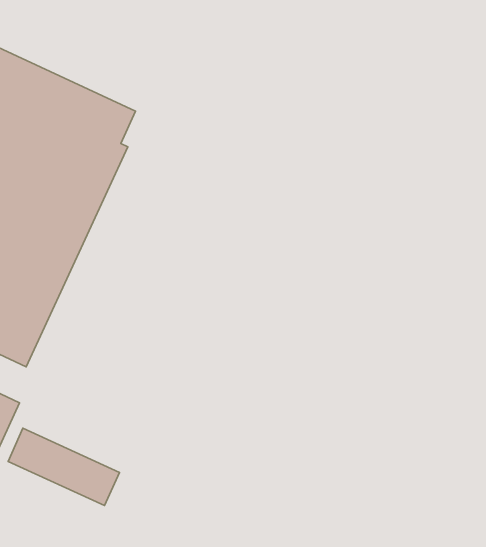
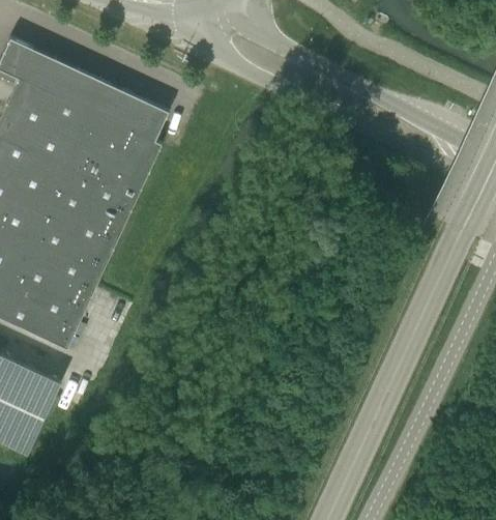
building: [8,428,119,505] -> none

